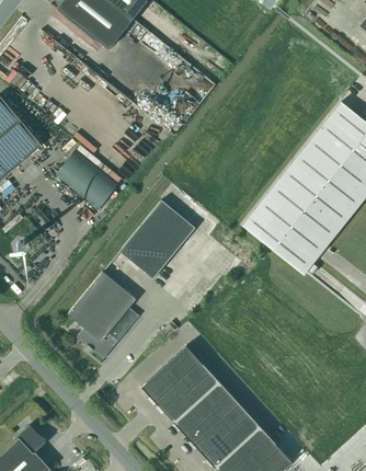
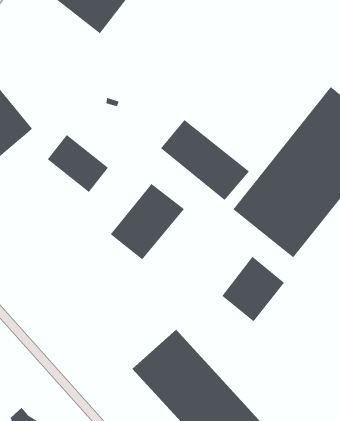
building: none -> [160,119,250,201]
building: [68,272,140,358] -> none
building: none -> [221,256,285,322]

